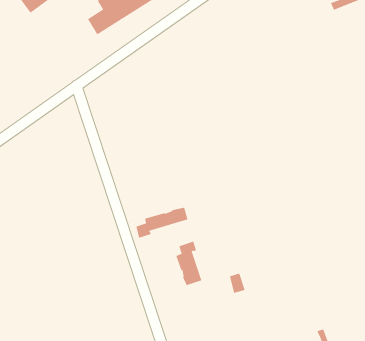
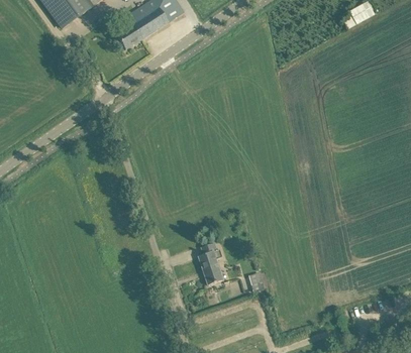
building: [136,207,188,238] -> none

